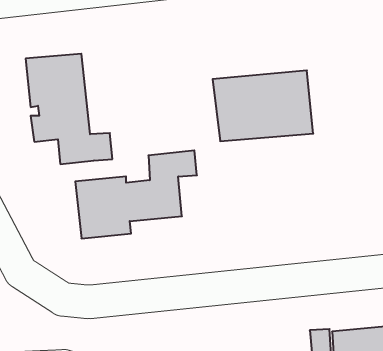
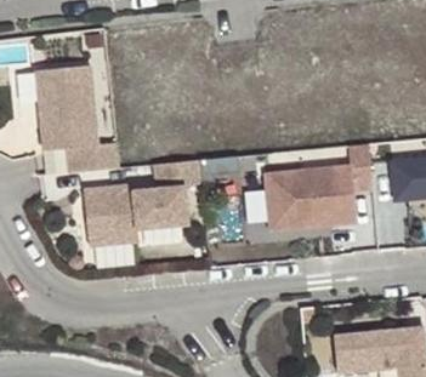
building: [213,70,313,141] -> [260,165,358,234]

